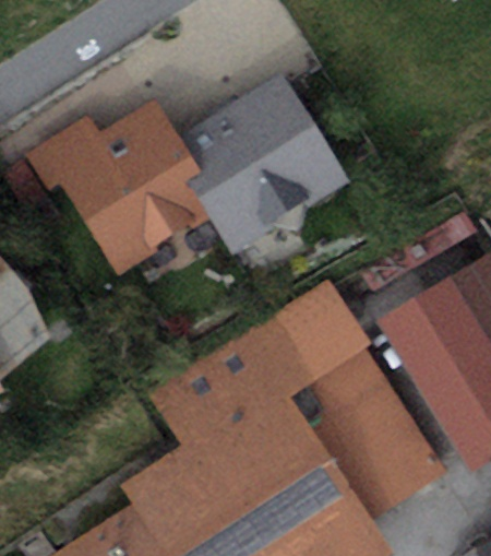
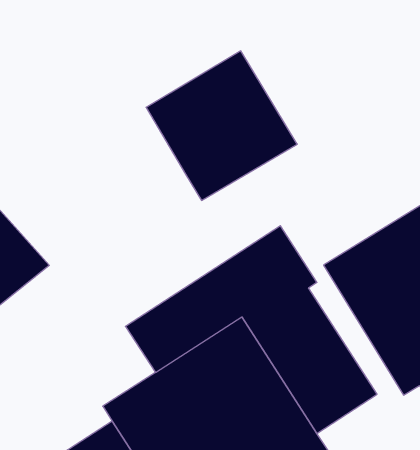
building: [27,103,218,279] -> none

